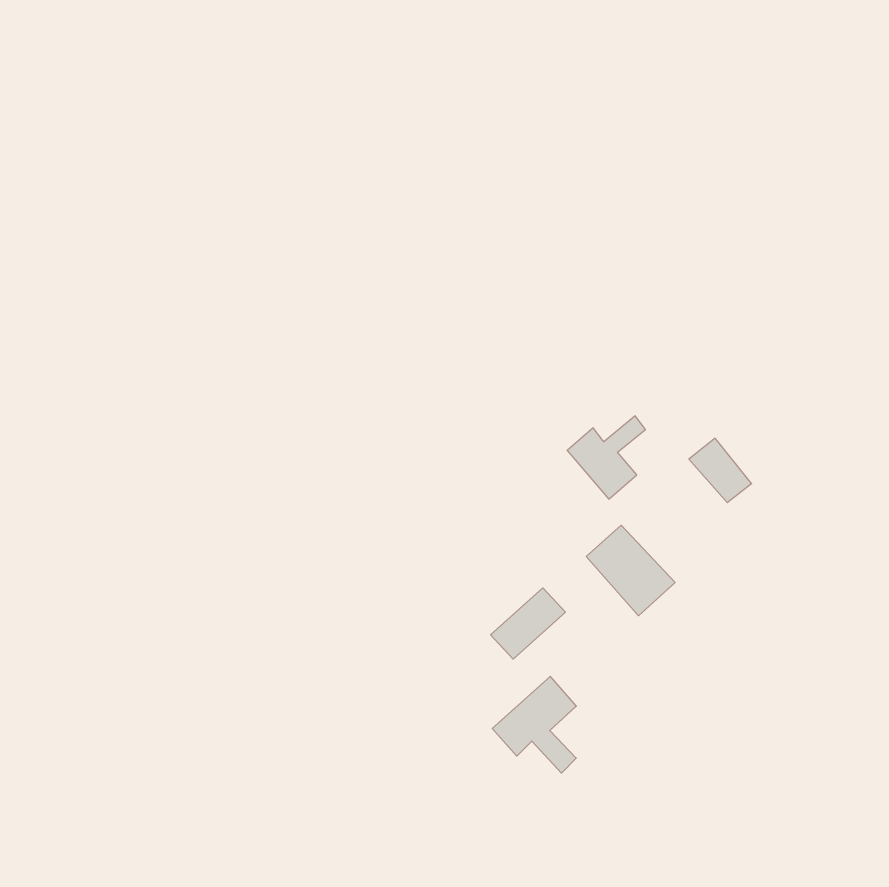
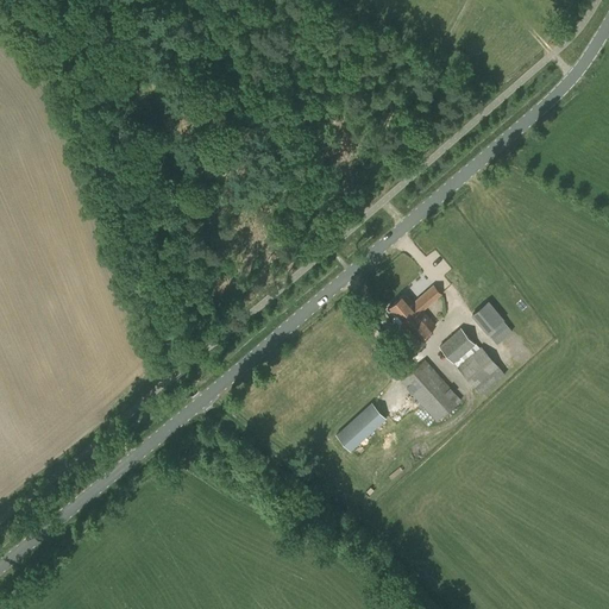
building: none -> [439,328,504,395]
building: [492,676,576,773] -> none

